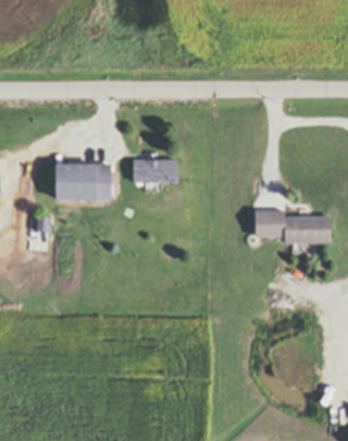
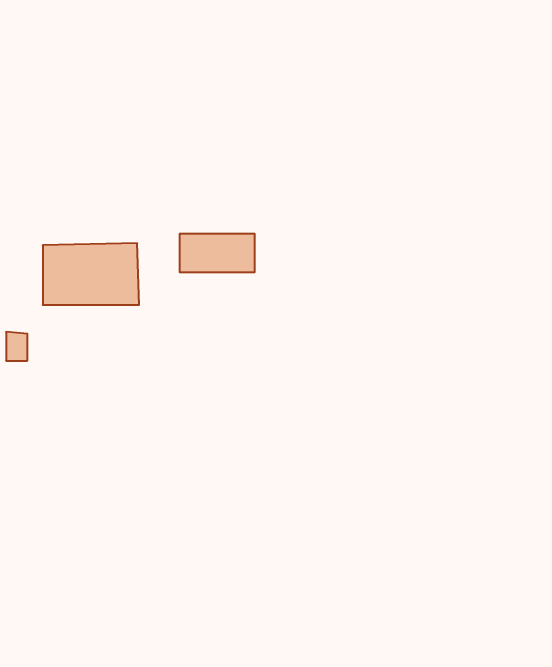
building: [257,210,332,241] -> none

